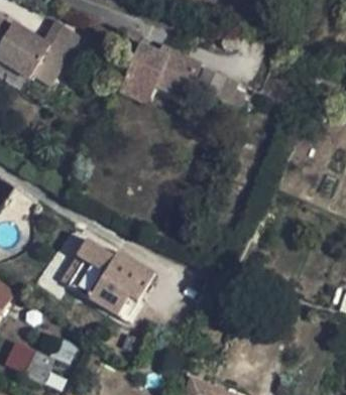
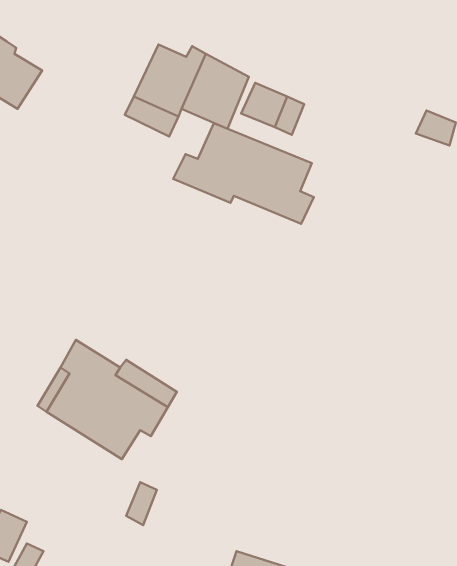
building: [39,18,77,58] -> none
building: none -> [173,123,314,224]

